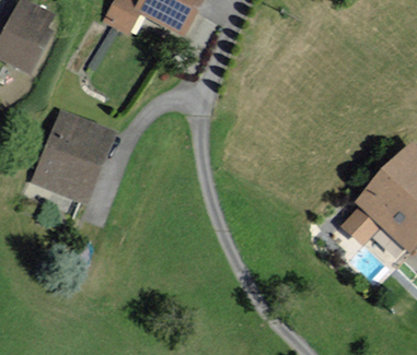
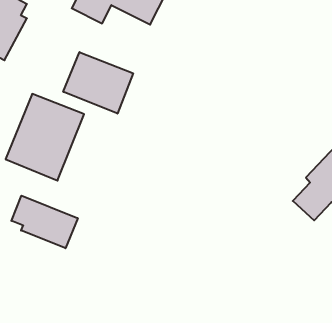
building: none -> [63,52,133,114]
building: none -> [11,196,78,248]

